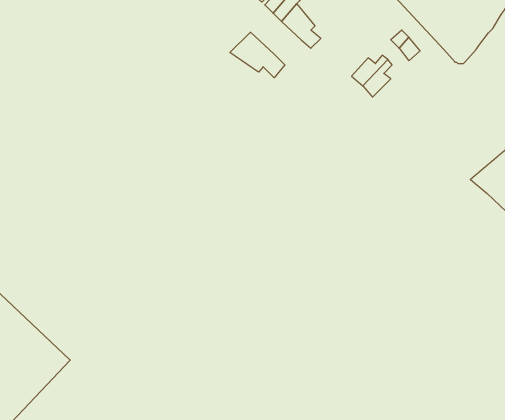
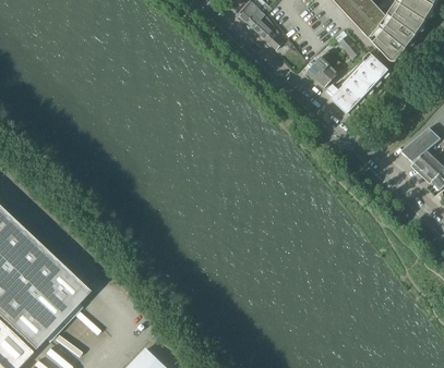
building: [230,32,285,78] -> none
building: none -> [325,52,388,115]

